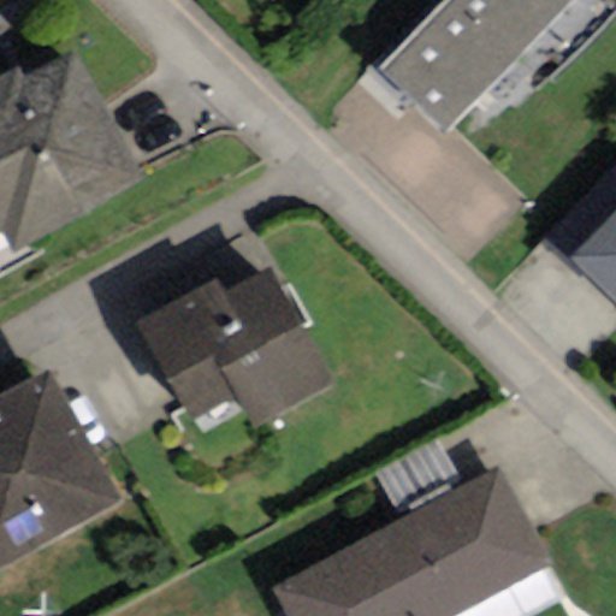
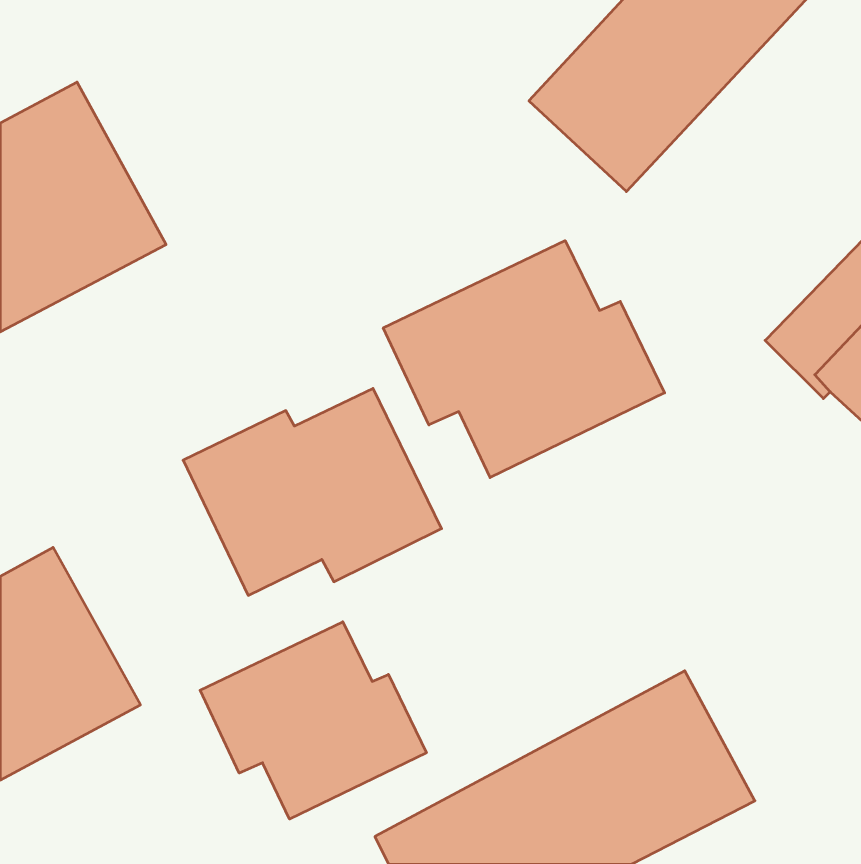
building: none -> [383,241,665,478]
building: none -> [200,622,426,819]

